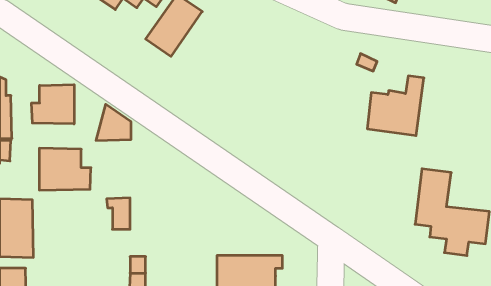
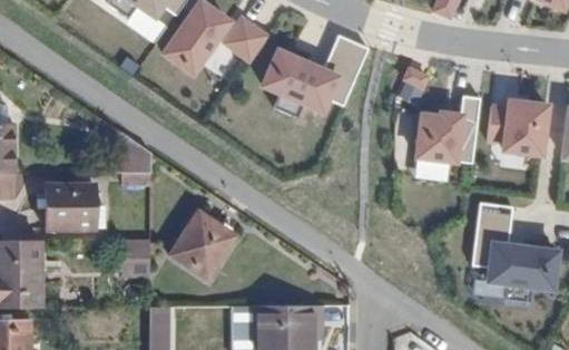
building: none -> [227,21,269,65]
building: none -> [266,39,372,121]
building: none -> [491,105,550,157]
building: [32,85,74,124] -> none
building: none -> [168,208,235,280]

